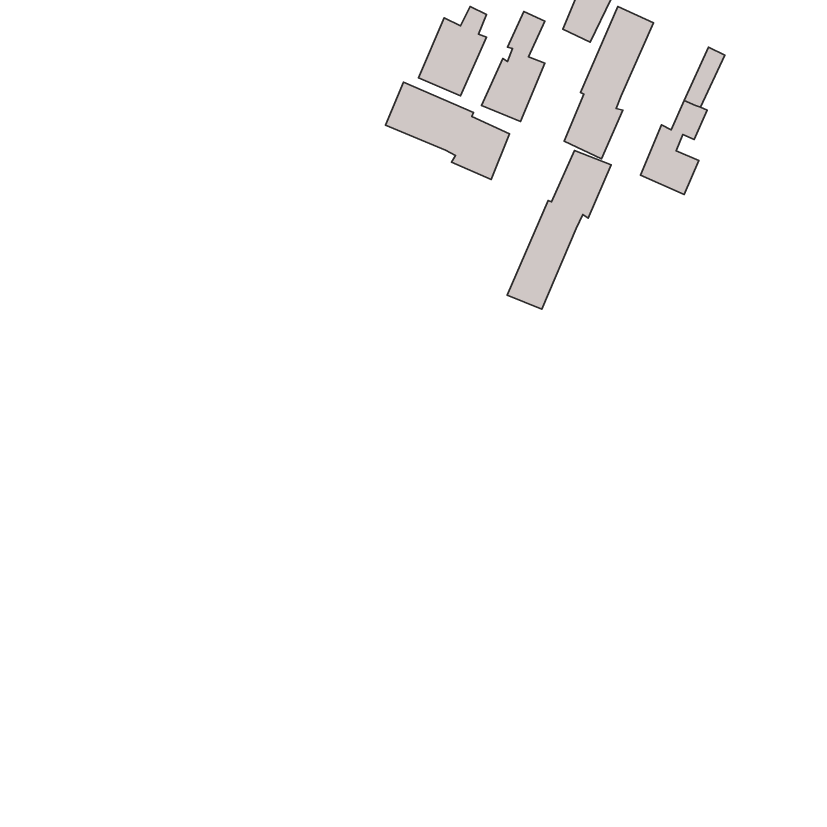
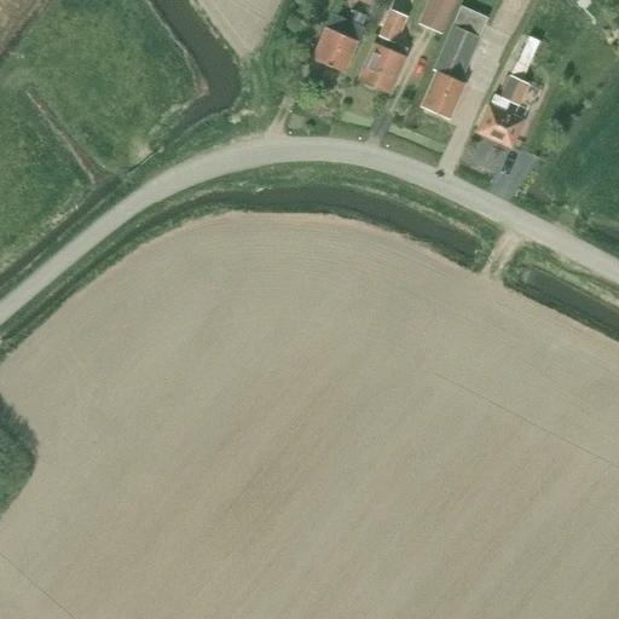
building: [385,82,509,179] -> none
building: [507,151,611,309] -> none

